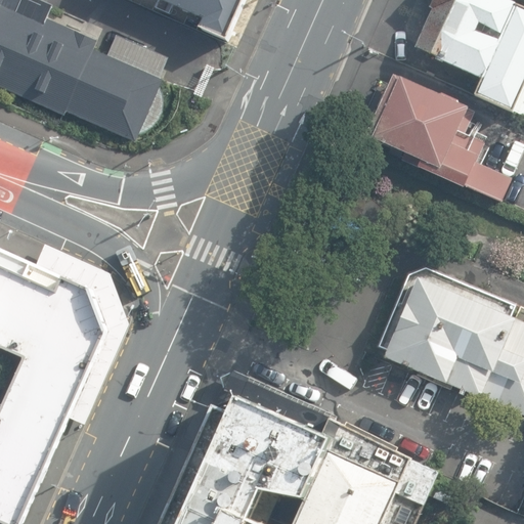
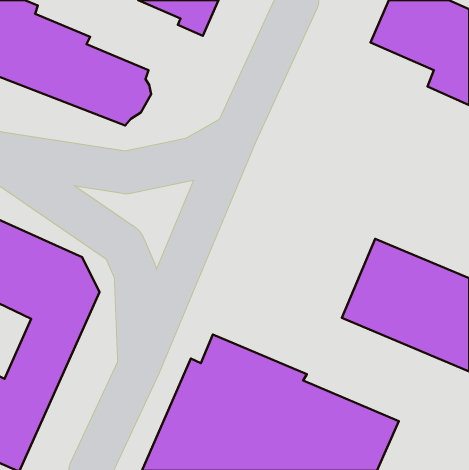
building: [362,74,512,200] -> none

